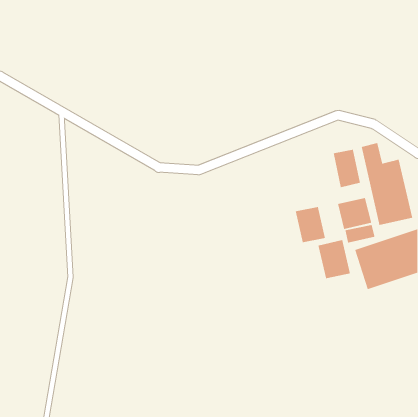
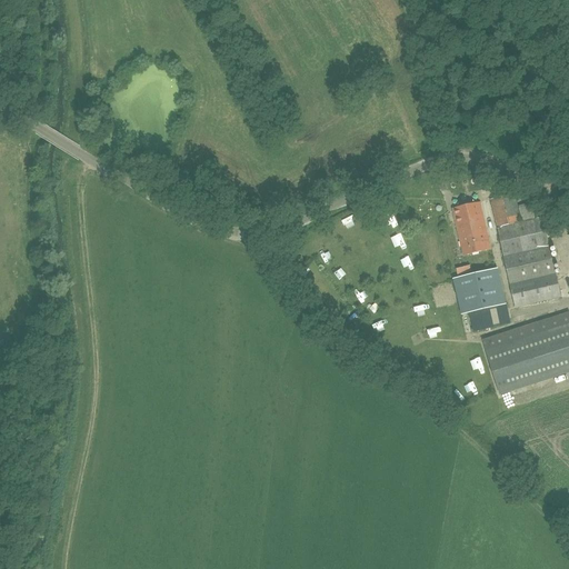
building: [295,206,326,243] -> none
building: [318,239,351,279] -> none

